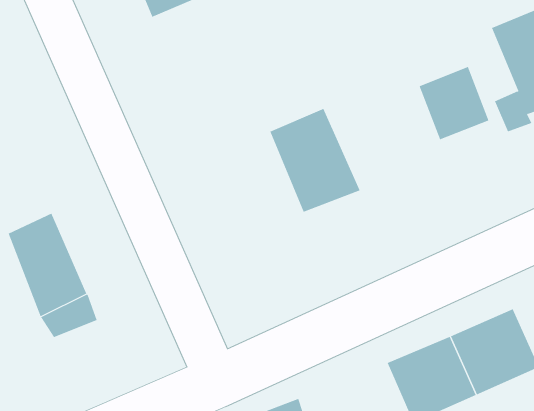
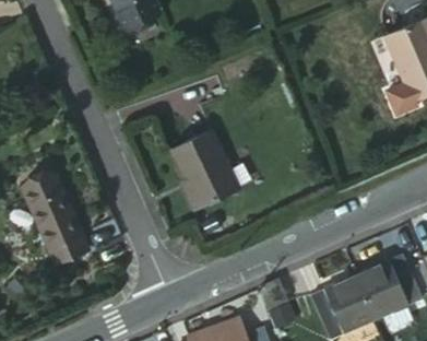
building: [419,66,489,140] -> none
building: [269,108,360,212] -> [176,137,244,214]

